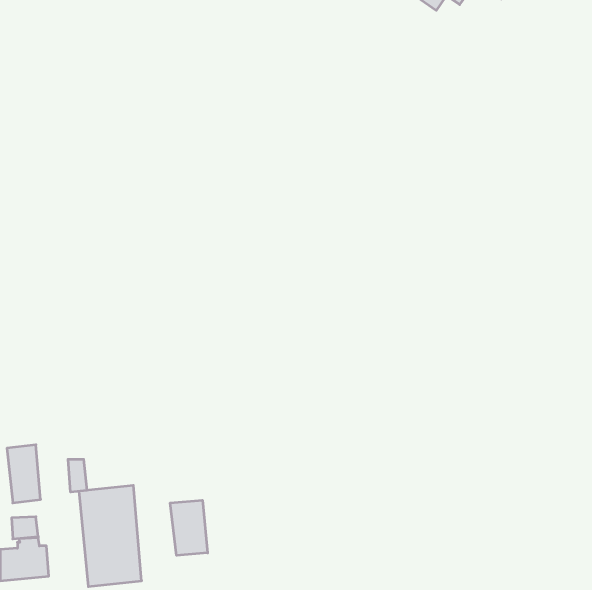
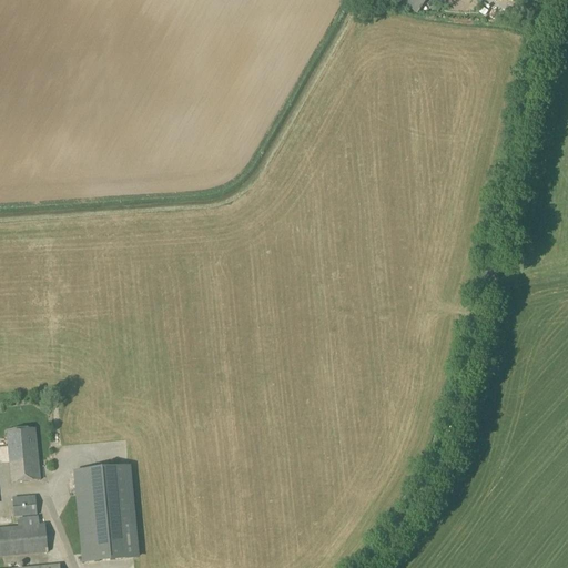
building: [68,459,87,492] -> none
building: [170,500,208,555] -> none

